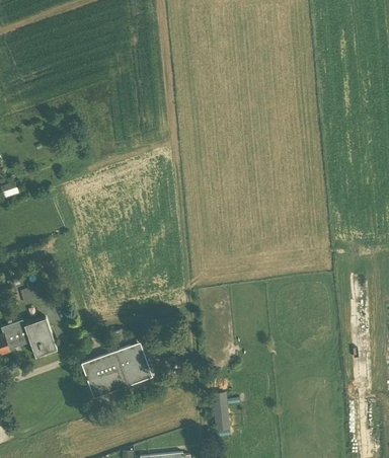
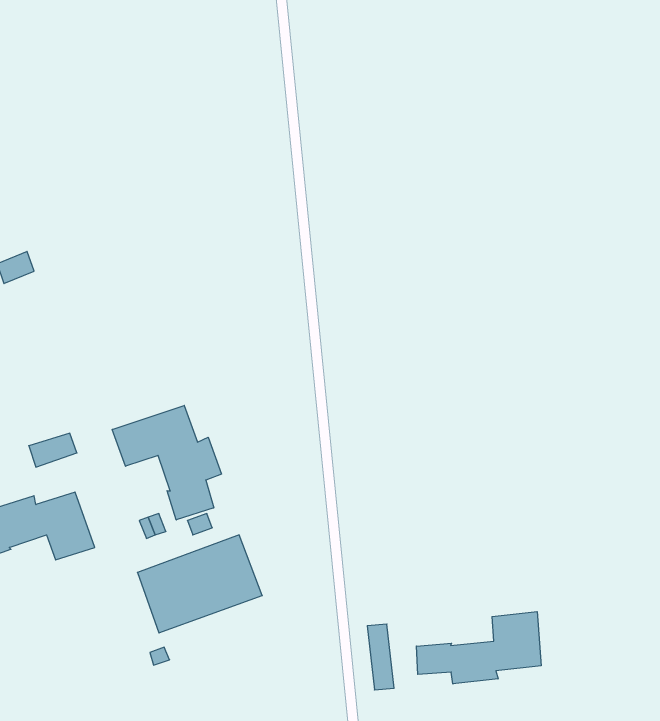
building: none -> [112,405,221,520]
building: none -> [416,612,541,684]

